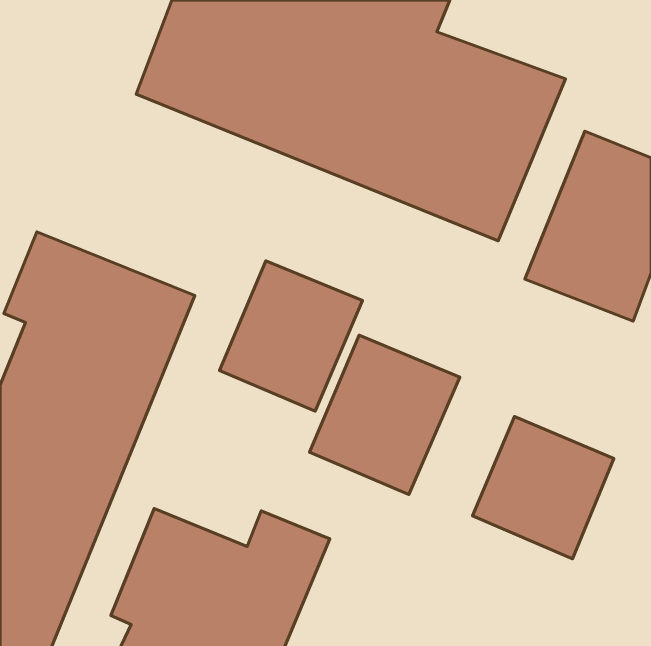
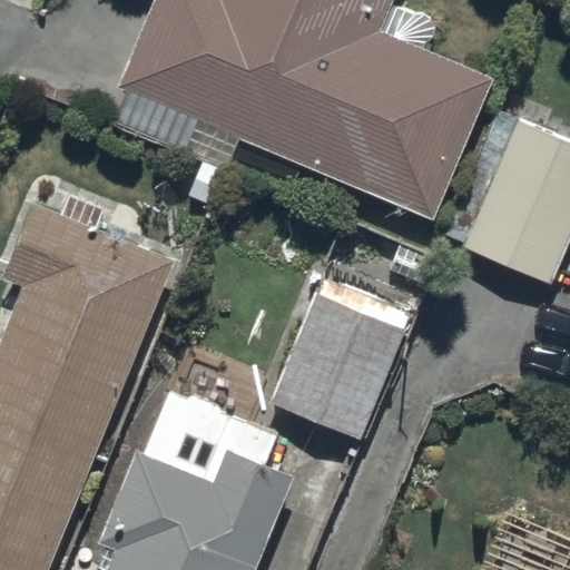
building: [219,261,362,411] -> none
building: [472,416,614,559] -> none

